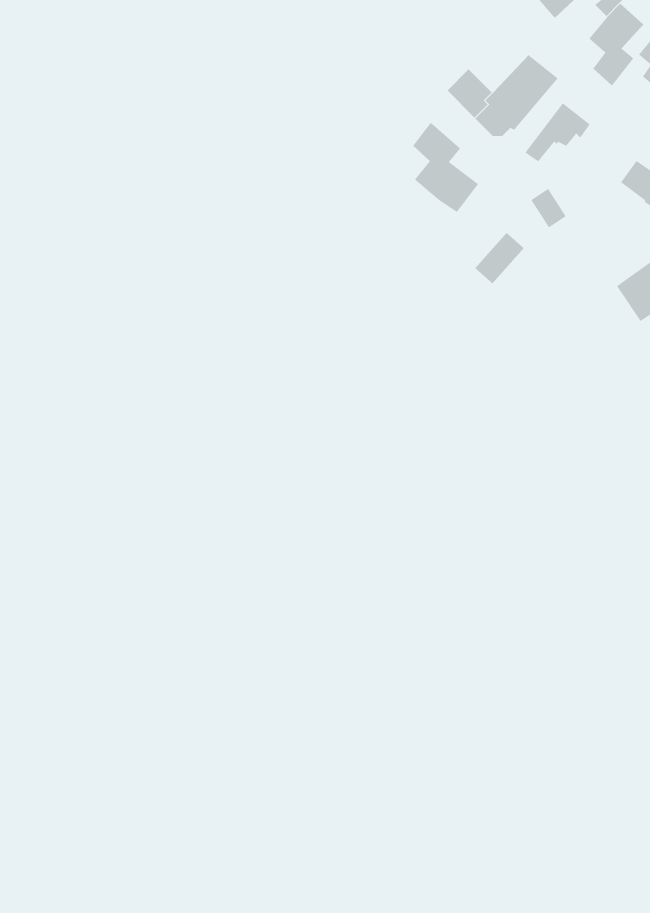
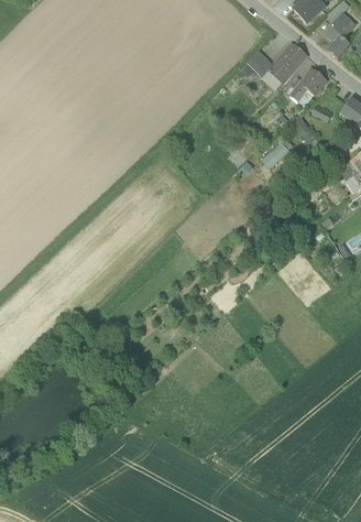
building: [413,122,479,213] -> none

